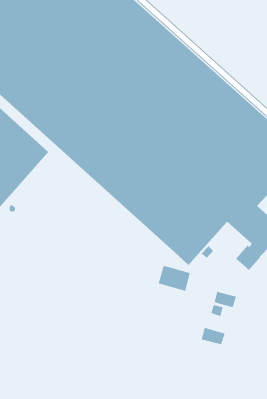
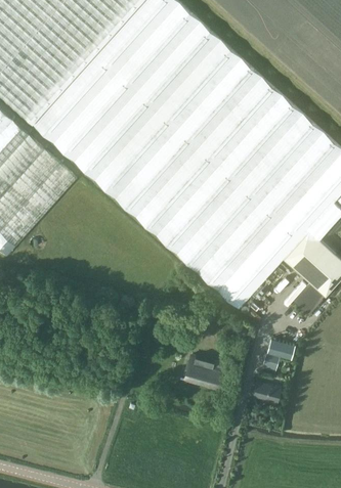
building: [158,265,190,291] -> [183,355,221,386]

